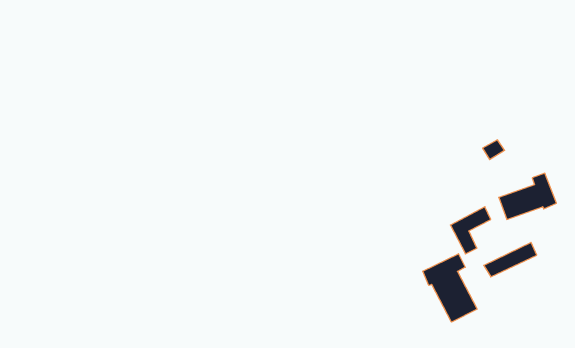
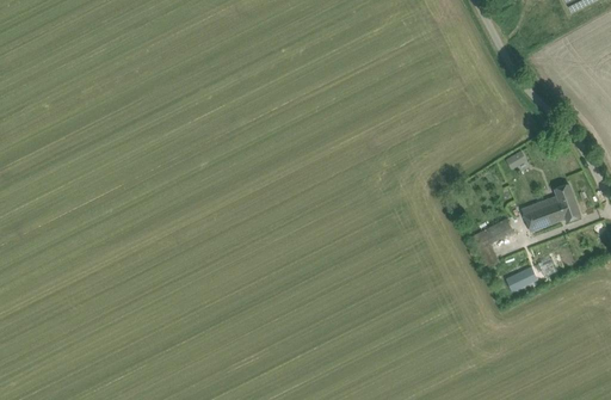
building: [423,254,477,322] -> none

